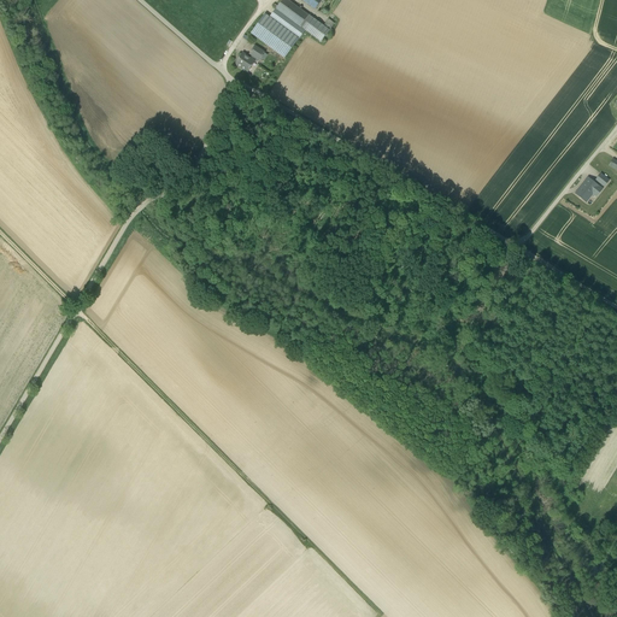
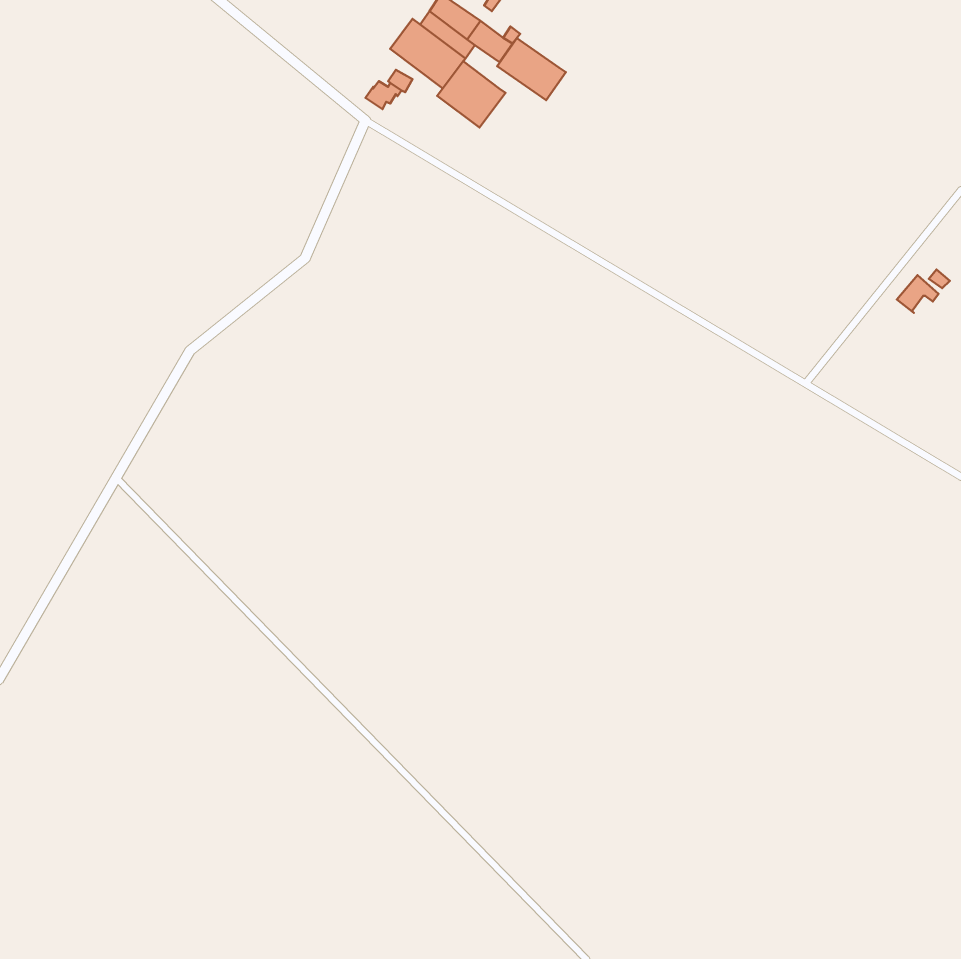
building: none -> [497,38,566,100]
building: none -> [437,61,505,128]

